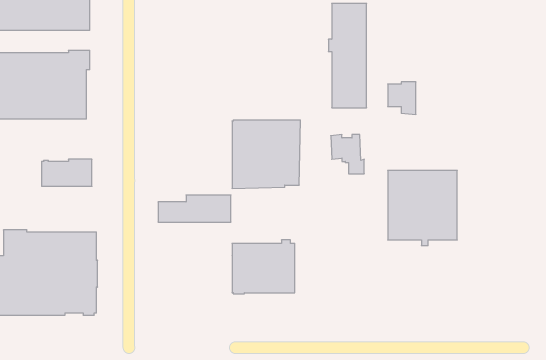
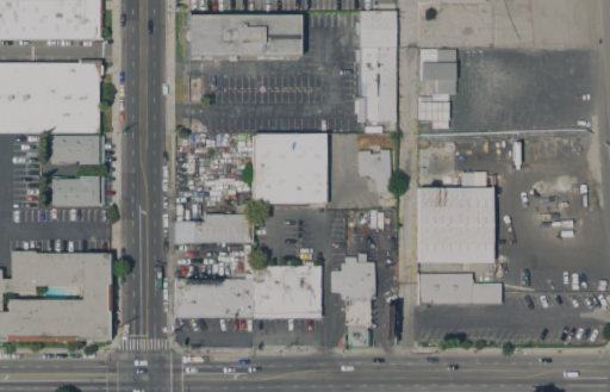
building: none -> [186,14,301,61]
building: none -> [421,49,456,94]
building: none -> [52,136,105,164]
building: none -> [332,253,375,349]
building: none -> [419,273,502,304]
building: none -> [176,279,254,318]

